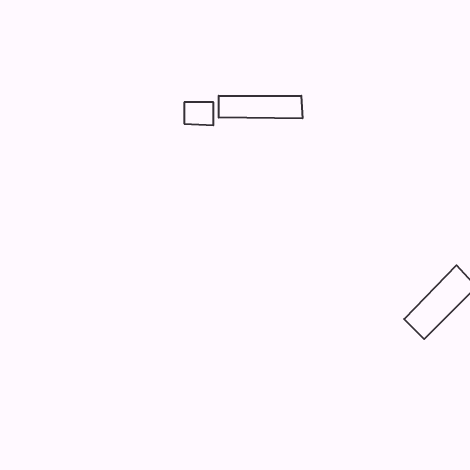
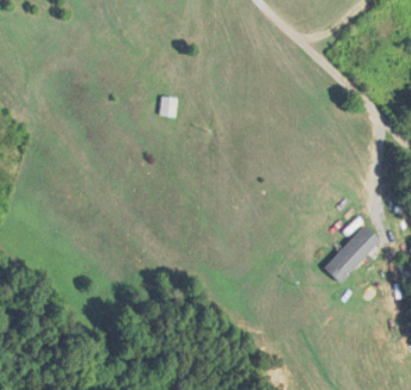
building: [219,96,302,118] -> none

